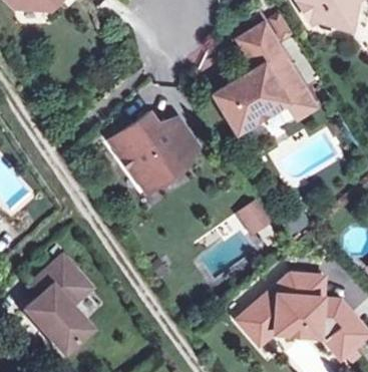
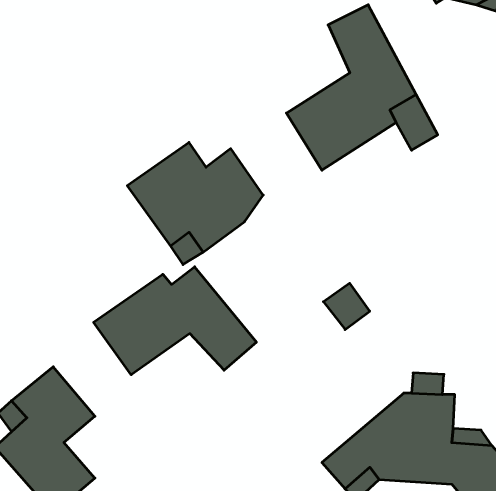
building: none -> [94,267,256,375]

